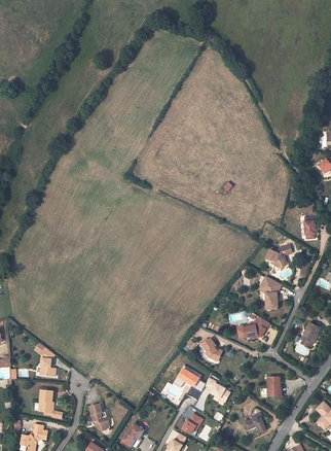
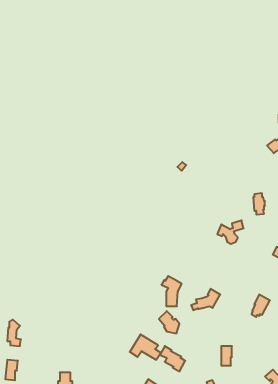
building: [260,277,282,309] -> [161,276,182,306]

